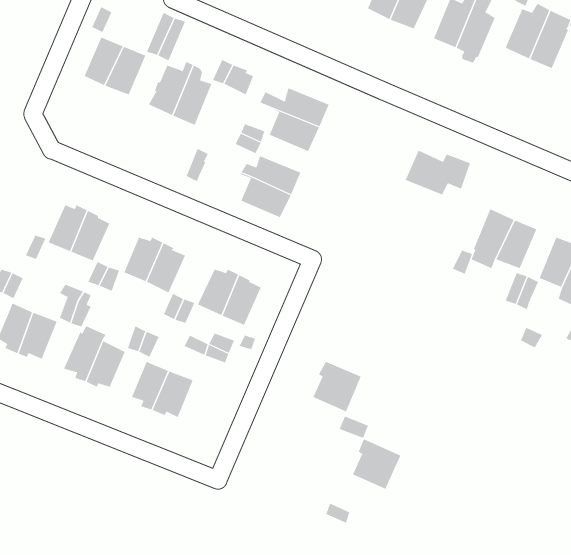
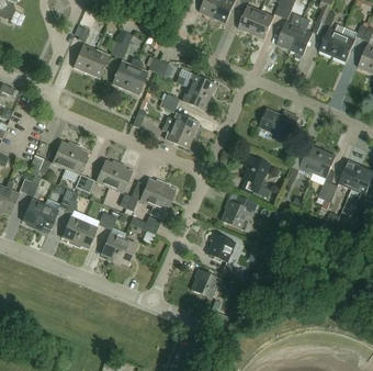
building: none -> [242,154,270,198]
building: none -> [221,191,257,231]
building: [352,439,401,490] -> [191,268,219,297]

